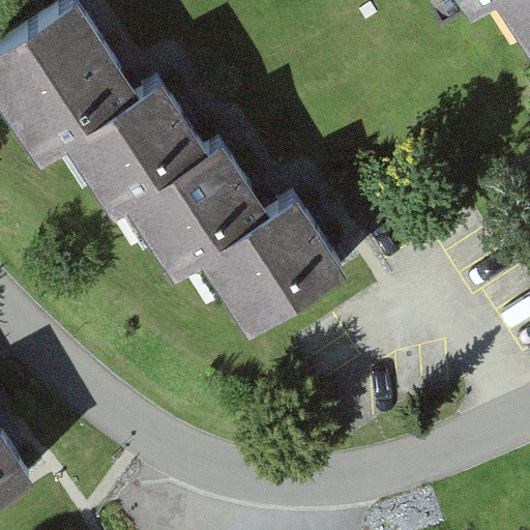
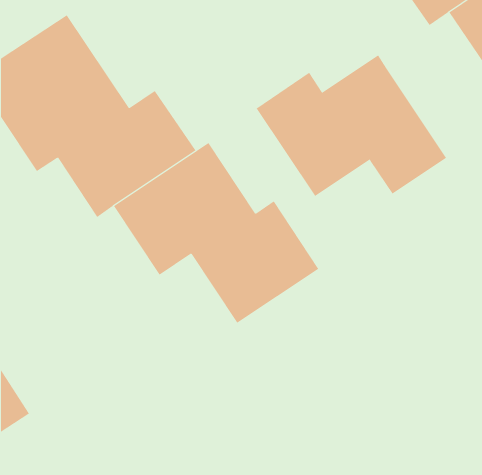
building: none -> [256,54,447,197]

